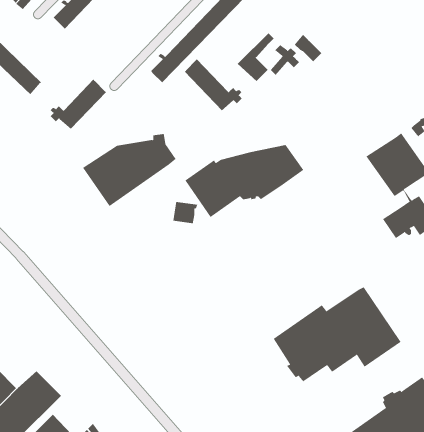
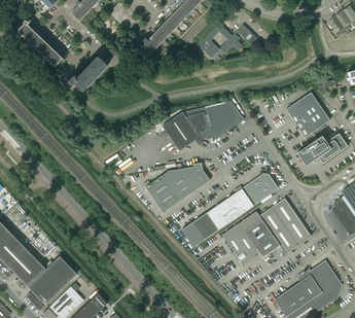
building: [184,58,243,111] -> none
building: [82,134,176,207] -> [145,163,210,213]
building: none -> [182,174,278,247]

